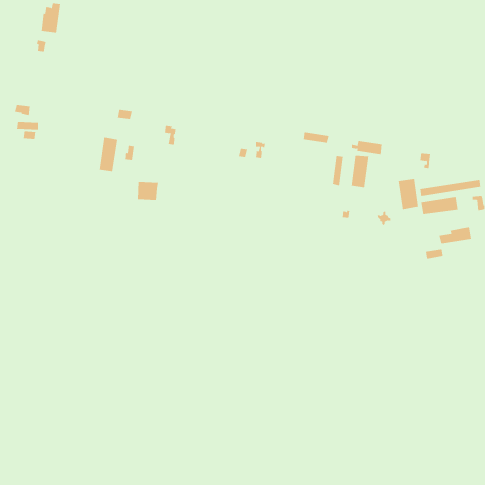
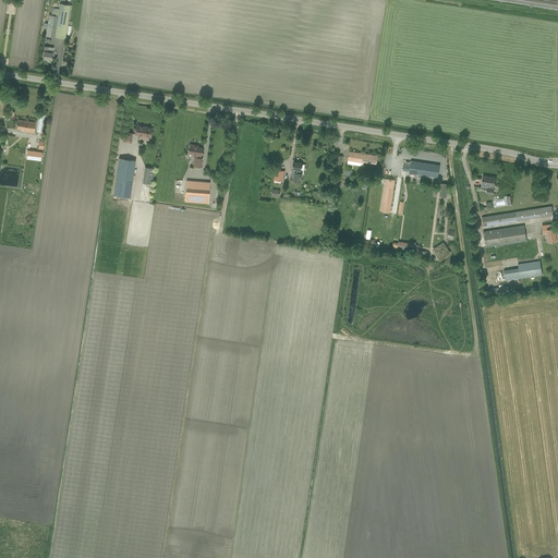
building: [351,155,369,188] -> none
building: [398,178,419,210] -> none
building: [137,181,159,200] -> [185,181,210,203]

